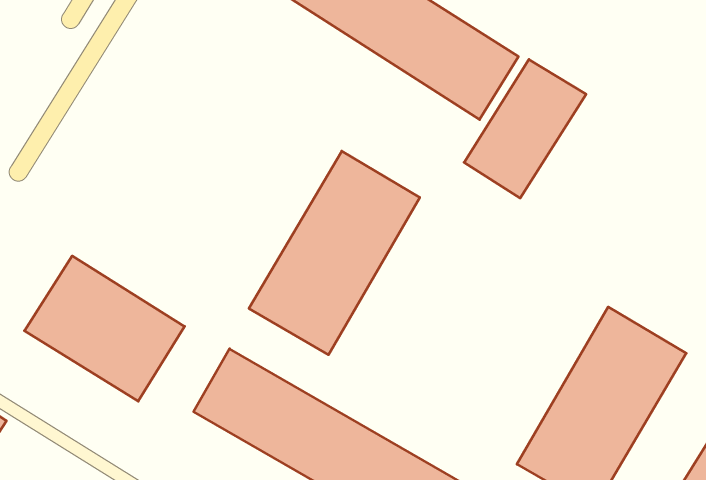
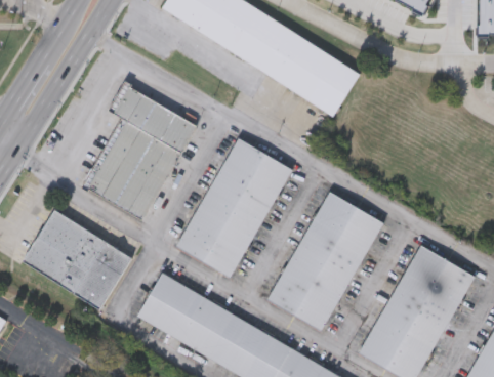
building: [464,59,586,198] -> none
building: none -> [84,85,195,219]
building: none -> [266,192,384,331]

